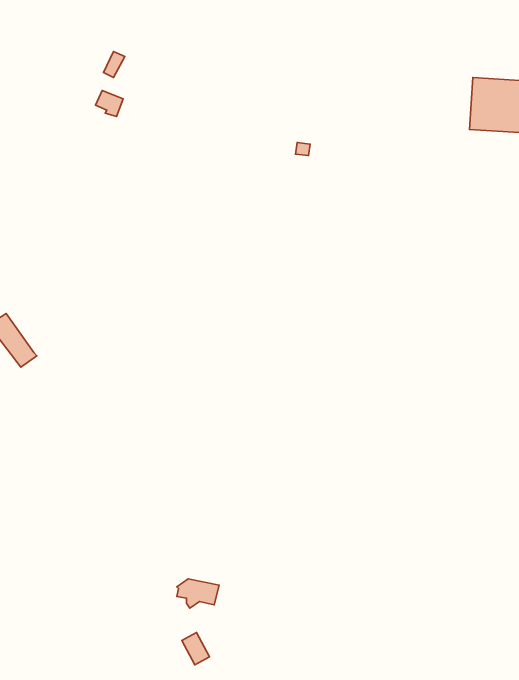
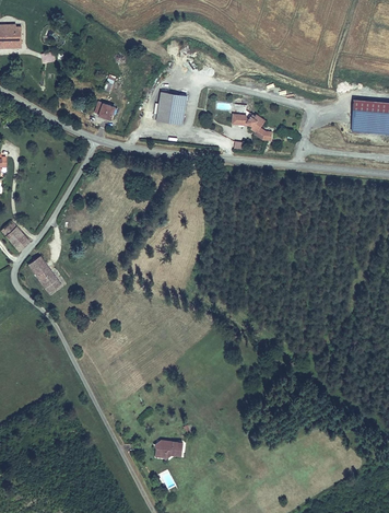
building: none -> [160,95,189,126]
building: none -> [234,109,274,142]

